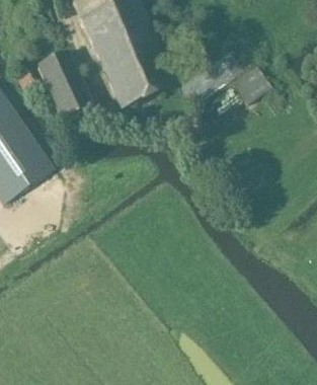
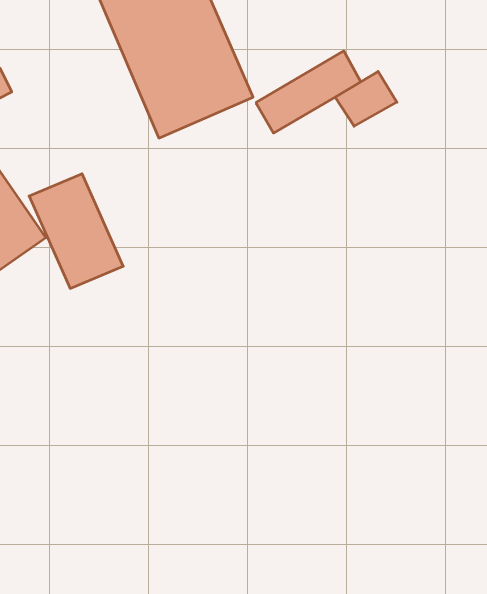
building: [36,51,92,119] -> [29,174,123,288]

